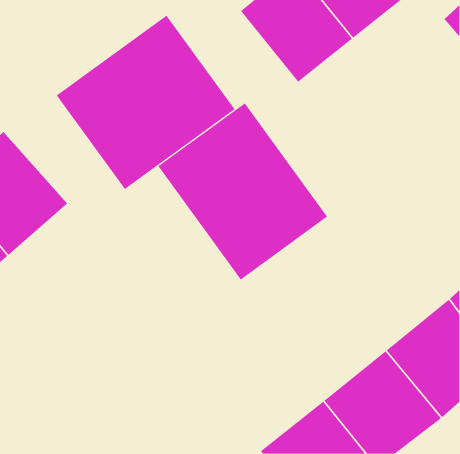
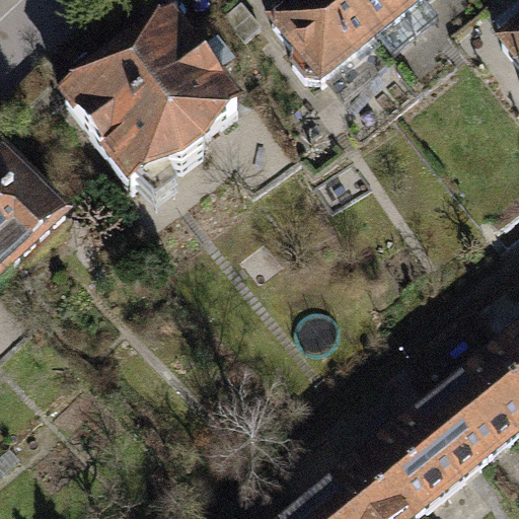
building: [158,102,328,280] -> none

